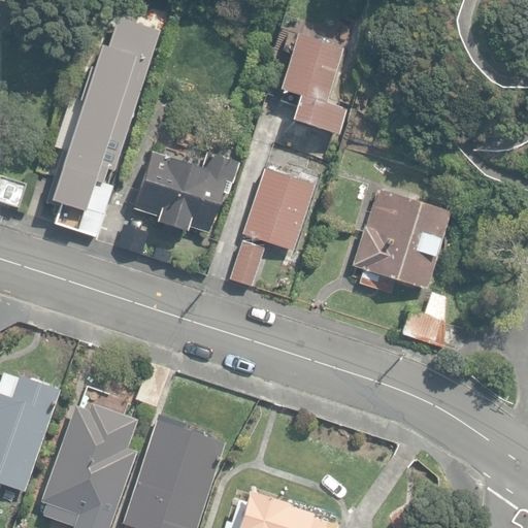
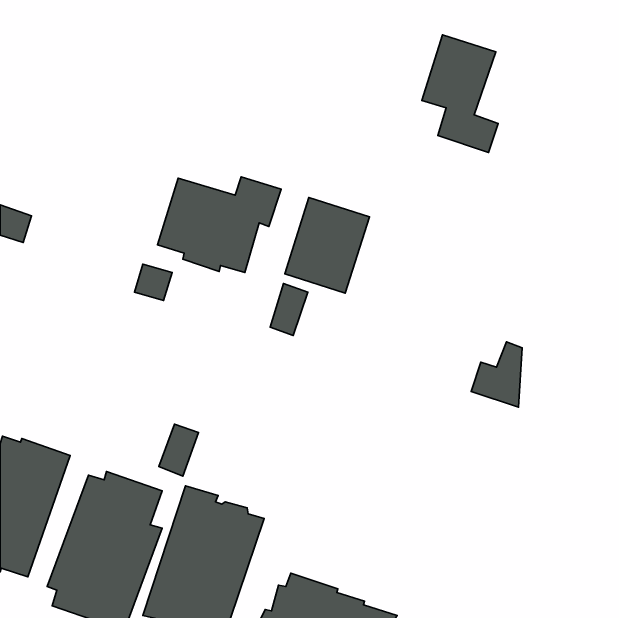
building: [48,20,158,232] -> none
building: [280,34,345,134] -> [422,35,498,153]
building: [354,188,451,294] -> none

